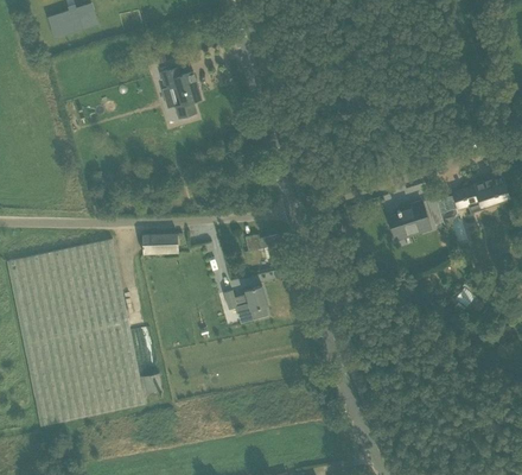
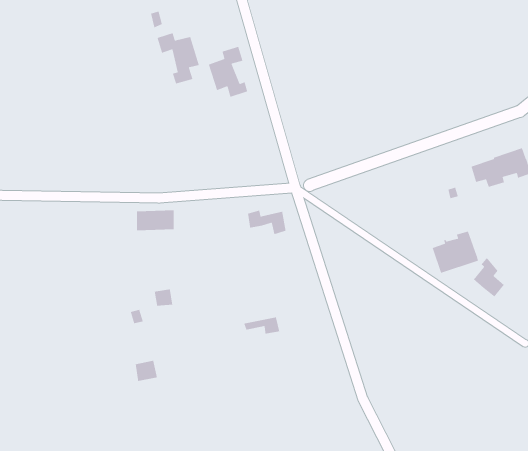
building: none -> [208,46,248,98]
building: [386,202,429,242] -> [432,230,479,274]
building: [223,286,267,319] -> none

